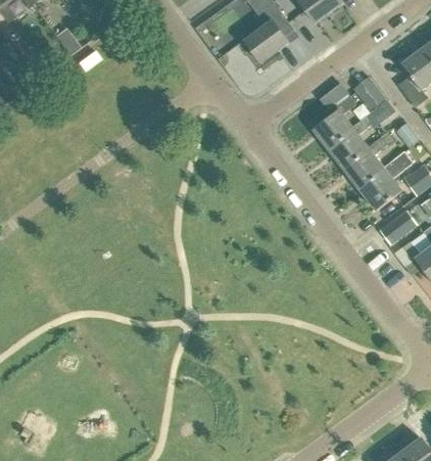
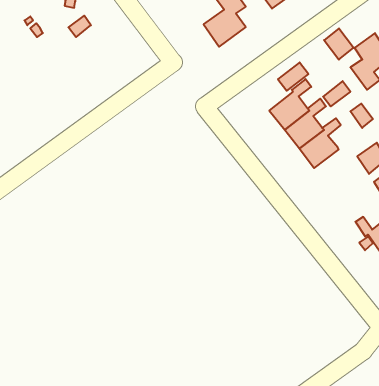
building: [355,76,386,108] -> [324,28,354,60]
building: [360,153,411,210] -> none
building: [381,210,418,243] -> none

